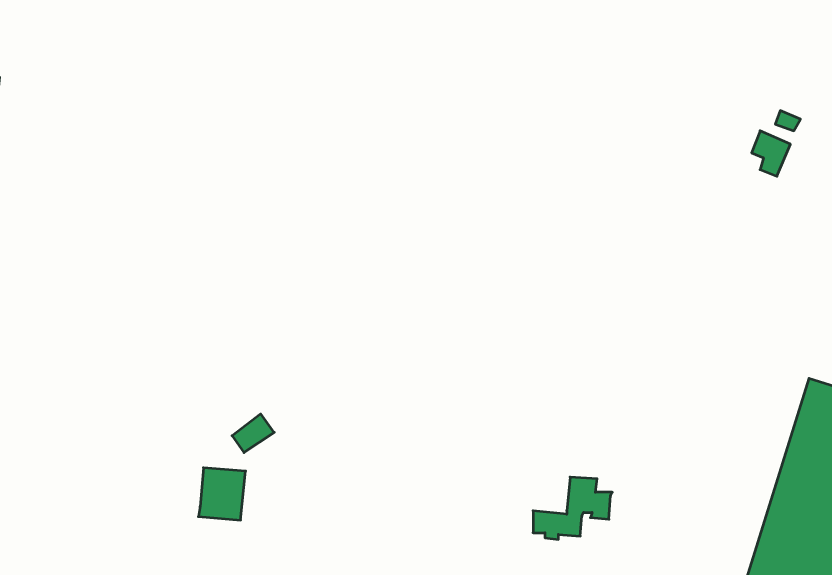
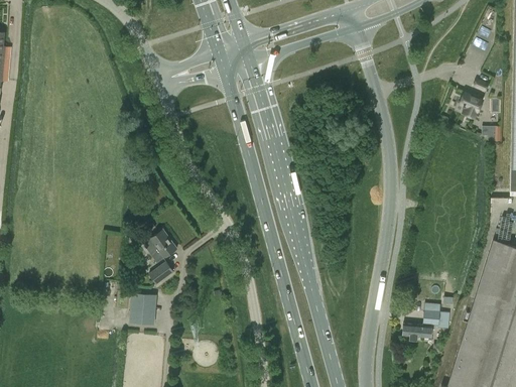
building: none -> [143,230,177,263]
building: [533,477,612,539] -> [403,303,450,341]

